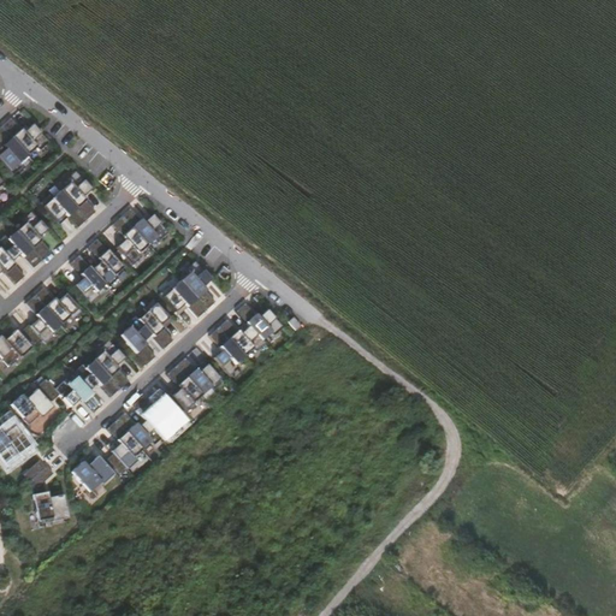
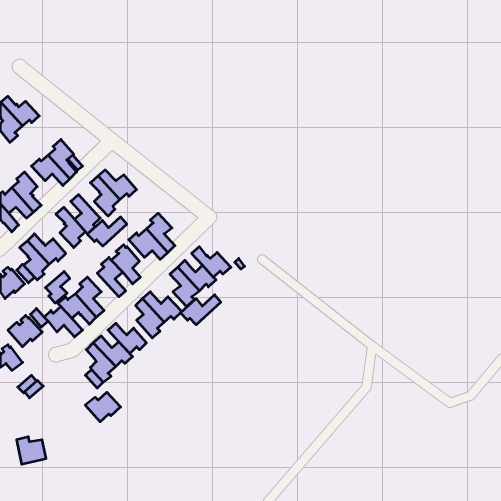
building: none -> [87,217,127,246]
building: none -> [45,271,70,303]
building: none -> [180,295,221,325]
building: [71,456,114,492] -> [85,392,121,422]
building: [32,491,69,525] -> [17,437,46,464]

